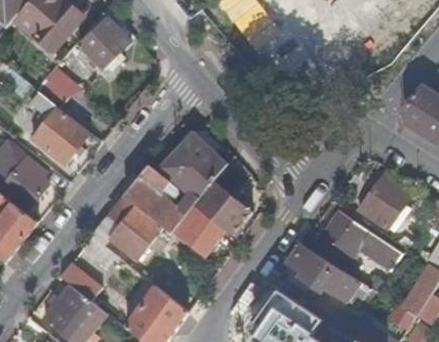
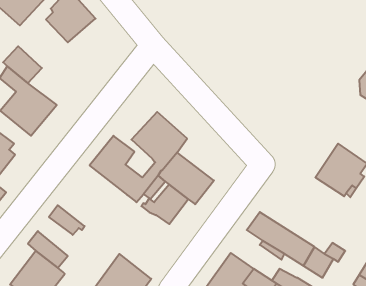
building: [110,195,162,259] -> none
building: [312,211,401,270] -> none

